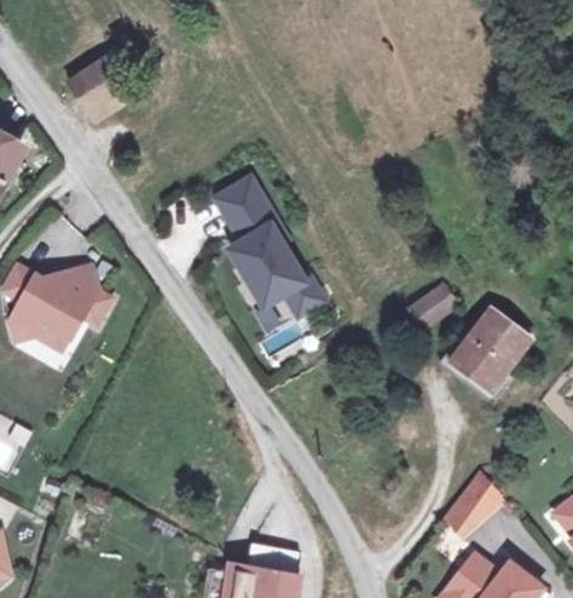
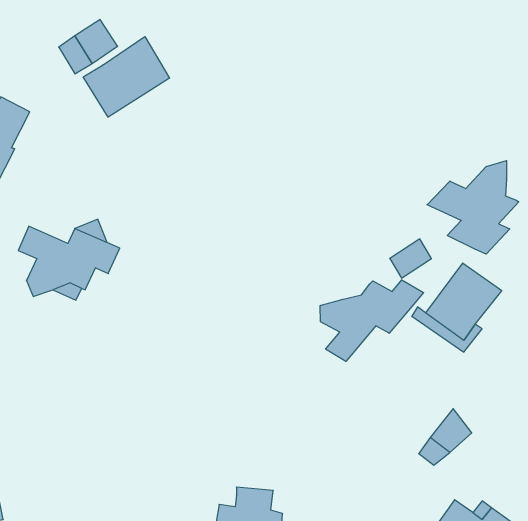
building: none -> [83,37,170,117]
building: [213,179,318,315] -> none
building: none -> [427,161,519,254]
building: none -> [320,280,424,361]

